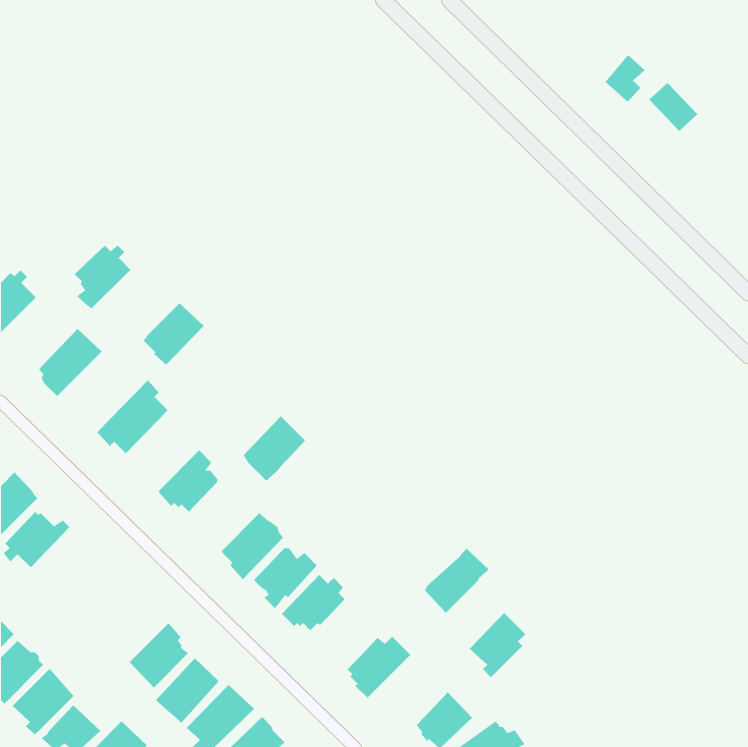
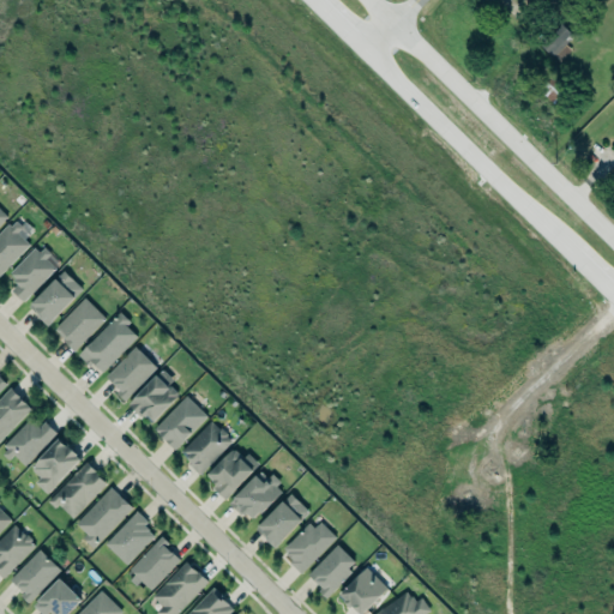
building: [604,54,645,102] -> [540,23,573,62]
building: [74,245,131,309] -> [10,248,56,301]
building: [143,302,204,365] -> [55,299,106,350]
building: [243,415,306,481] -> [156,396,207,450]
building: none -> [107,347,157,401]
building: none -> [32,439,82,494]
building: [424,548,490,614] -> [257,494,311,548]
building: none -> [48,463,108,519]
building: none -> [77,488,132,548]
building: [469,612,526,678] -> [308,544,355,598]

